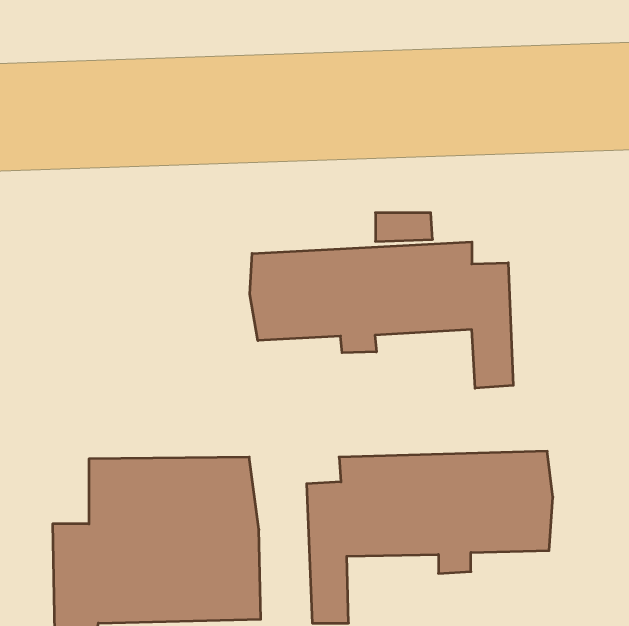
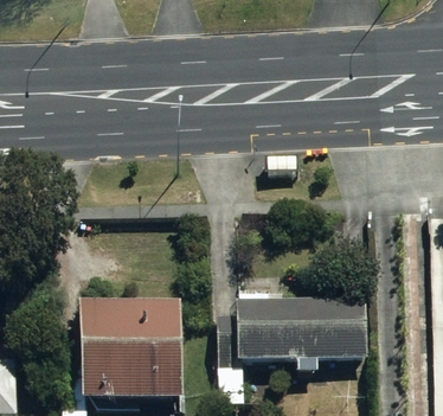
building: [250,242,513,388] -> none

